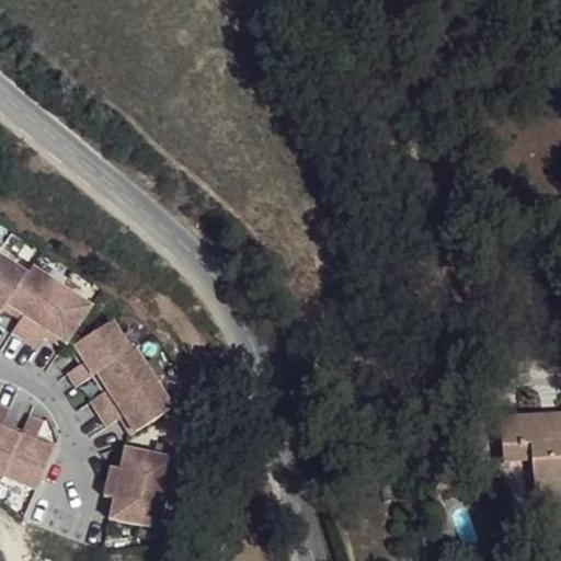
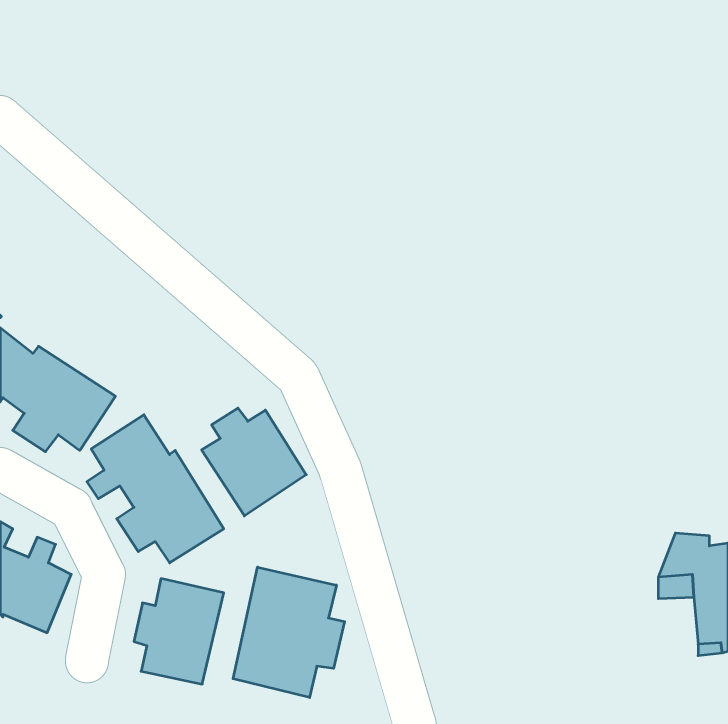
building: none -> [202,408,306,516]
building: none -> [233,567,345,698]

